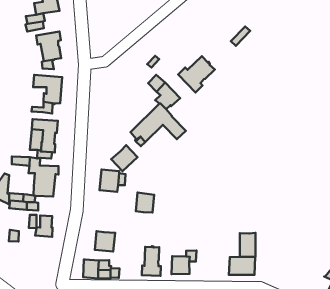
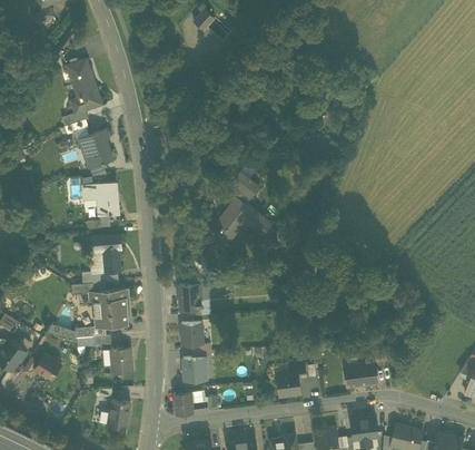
building: [178,56,215,92] -> none
building: [111,145,137,171] -> none
building: [136,192,154,213] -> [181,323,202,345]
building: [240,233,256,257] -> none
building: [142,246,161,276] -> none
building: none -> [108,401,130,429]

